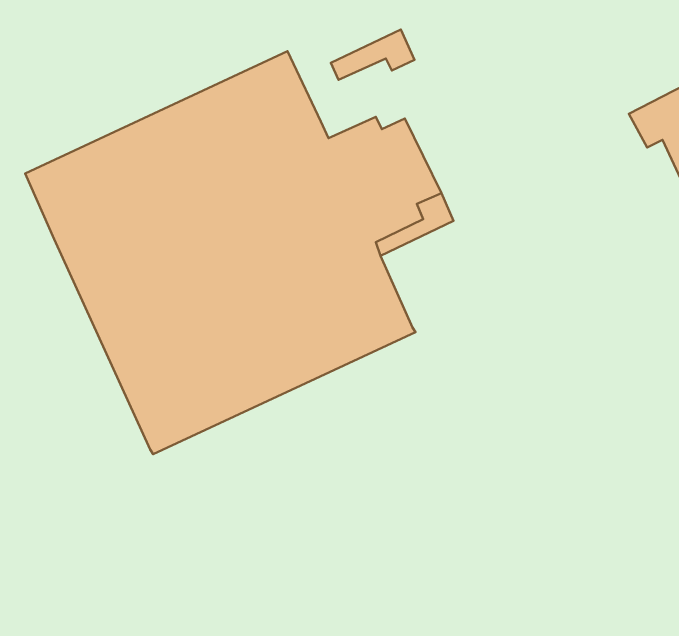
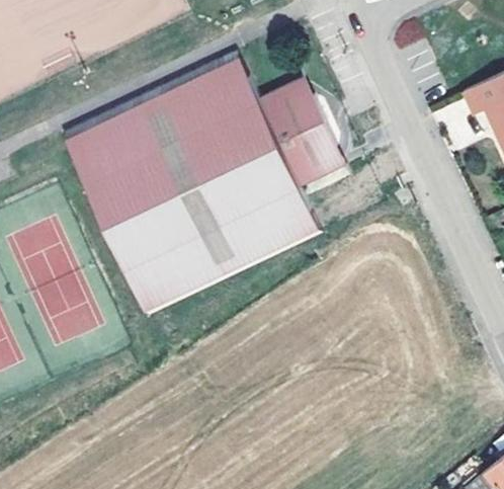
building: [331,29,415,80] -> [258,75,314,108]

